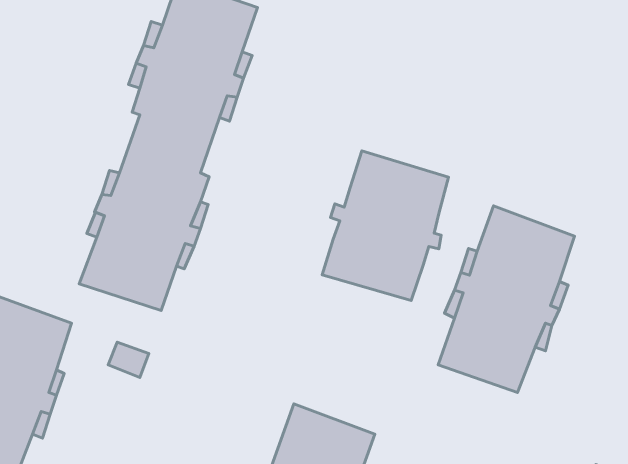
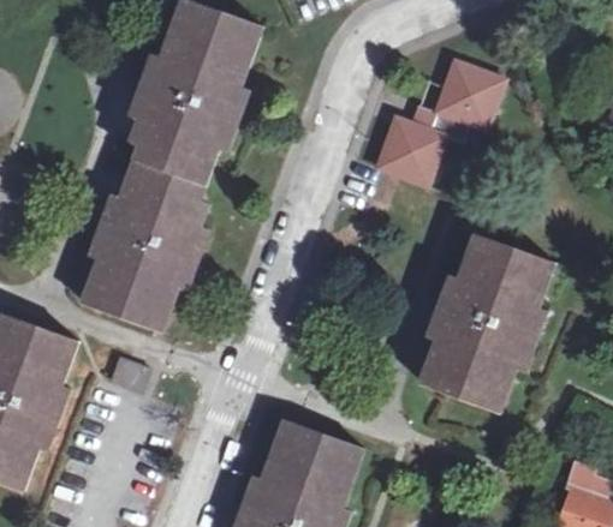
building: none -> [375,58,502,182]
building: [322,151,448,300] -> none

